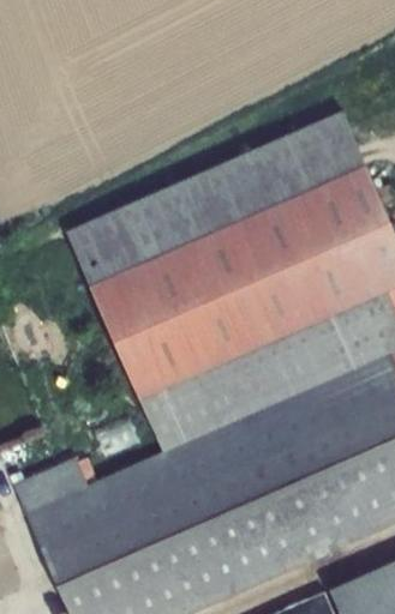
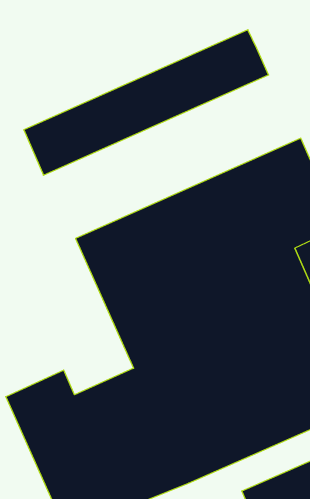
building: [72,116,371,294] -> [24,30,269,175]

